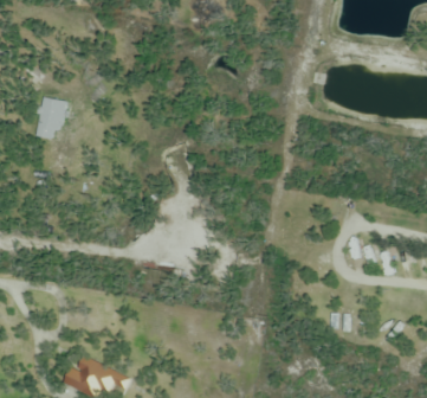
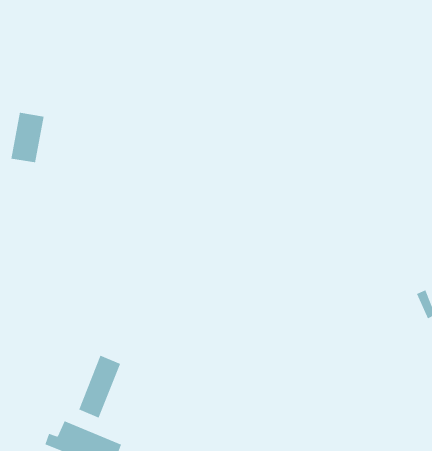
building: none -> [78,355,121,419]

